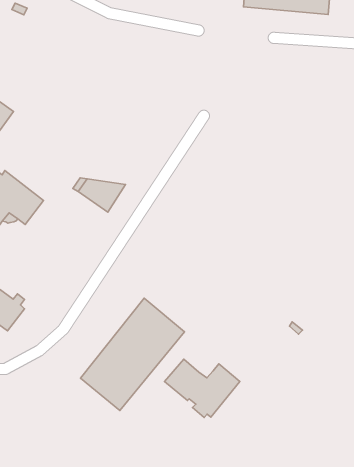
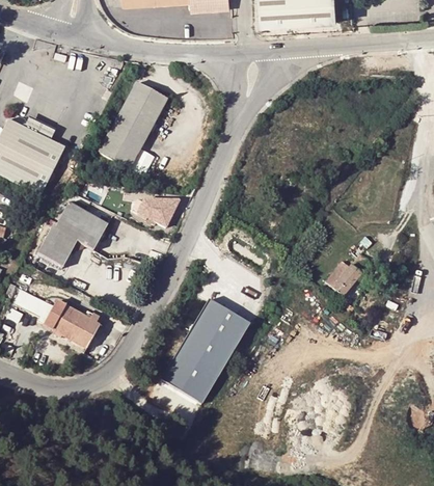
building: none -> [97,84,164,169]
building: none -> [325,254,371,296]
building: [165,359,240,418] -> none

